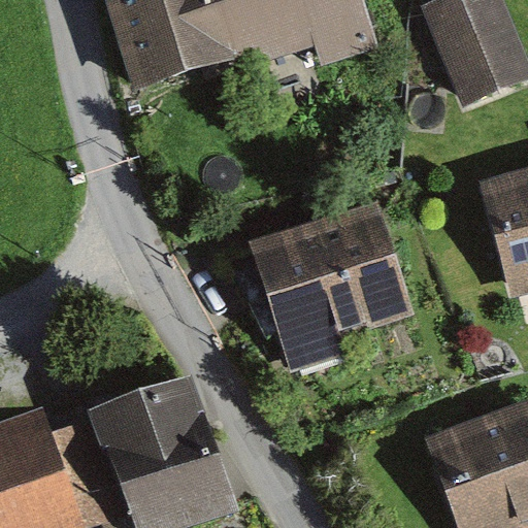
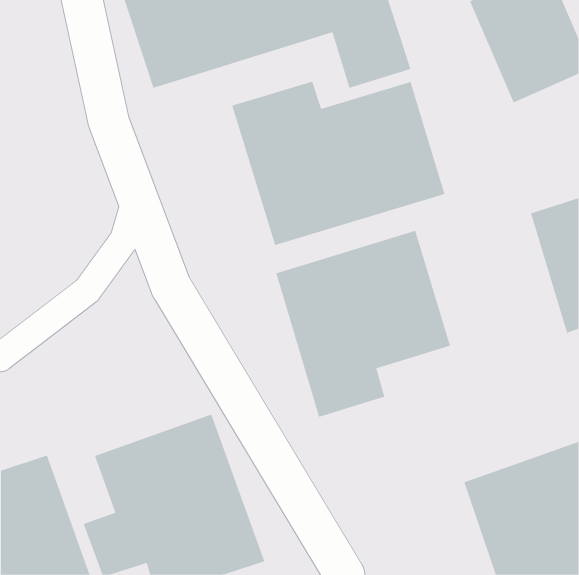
building: none -> [231,81,445,246]

